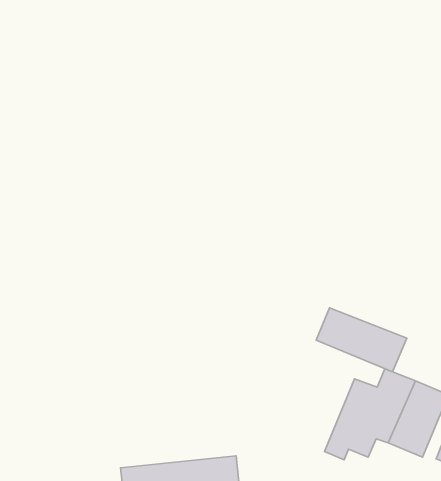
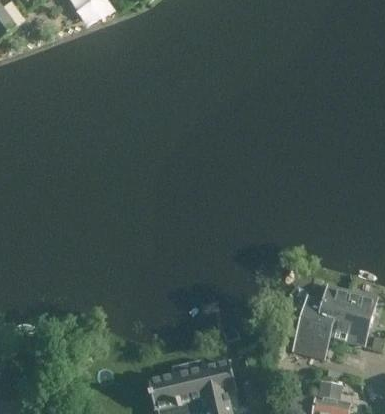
building: [316,308,407,372] -> none

